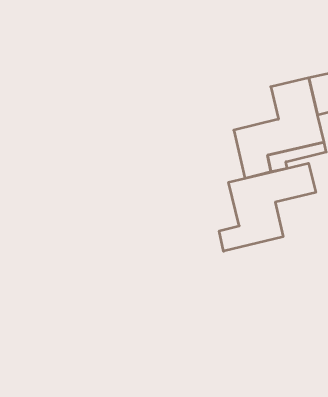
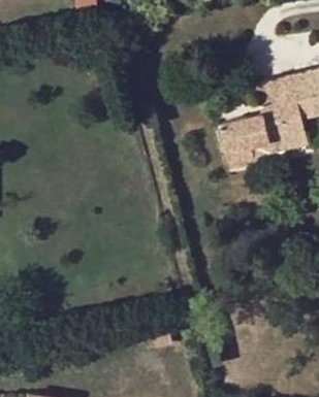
building: [219,163,316,251] -> none

